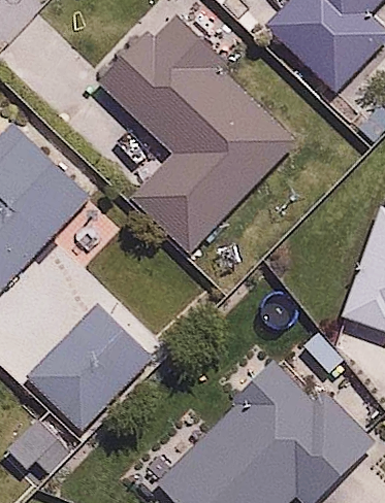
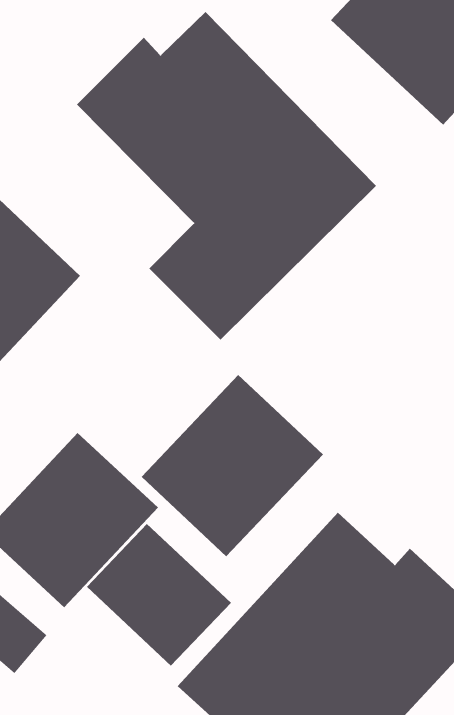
building: none -> [141,374,324,557]
building: none -> [86,523,232,667]

